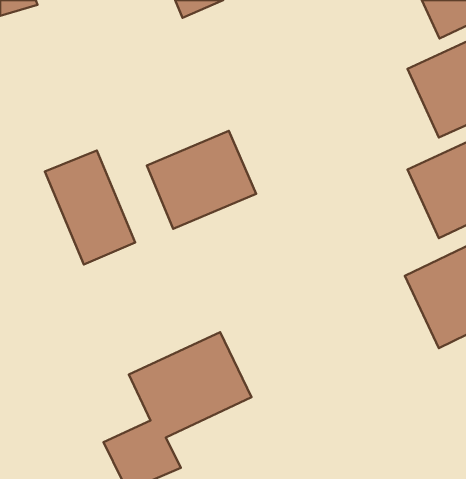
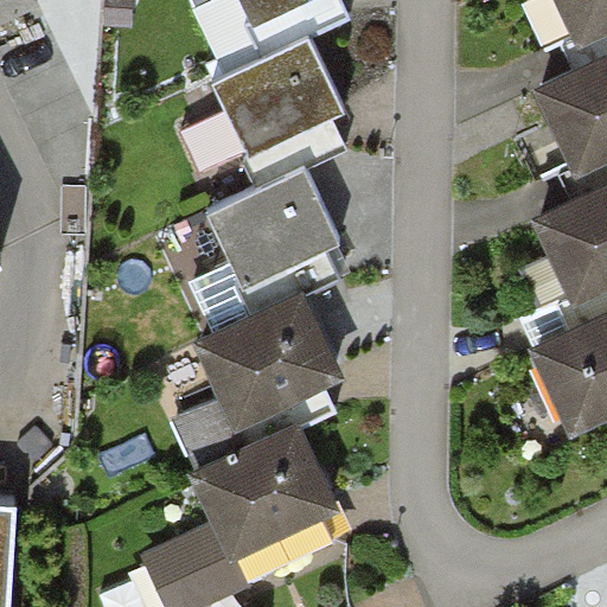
building: none -> [209,37,341,155]
building: [45,150,135,264] -> none
building: none -> [193,292,349,430]

